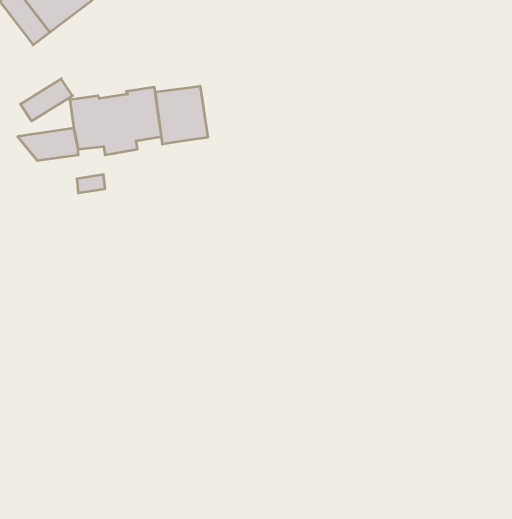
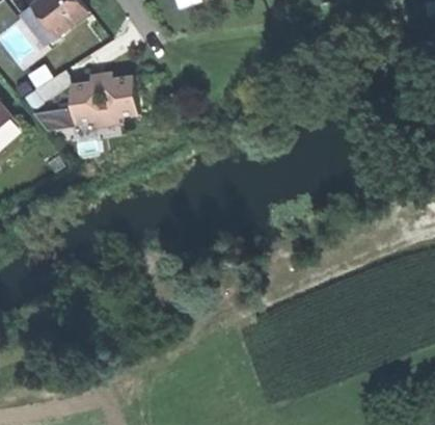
building: [156,86,208,144] -> none

